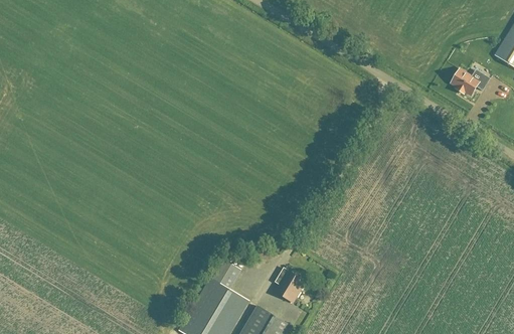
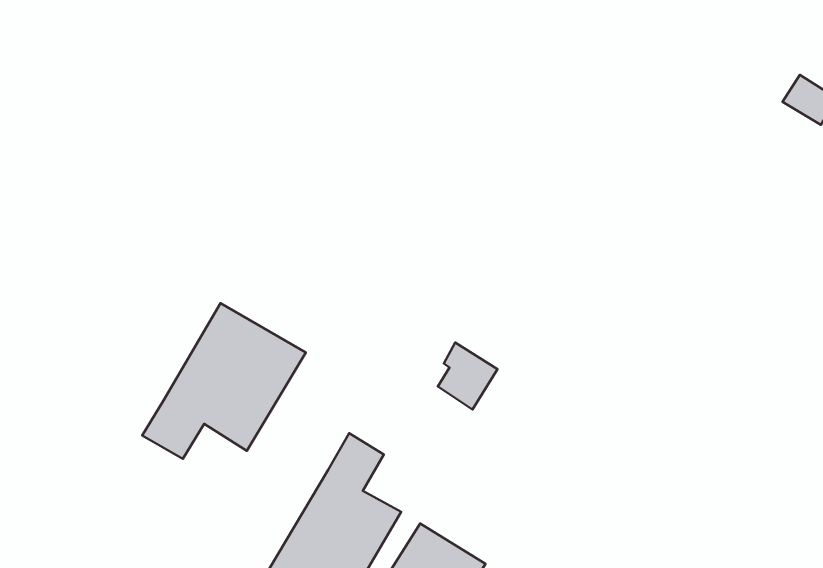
building: none -> [142,303,306,459]
building: [273,267,304,302] -> [438,342,497,410]

